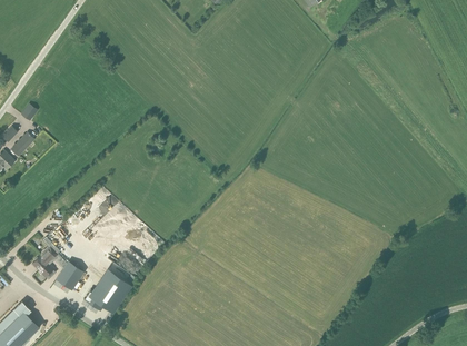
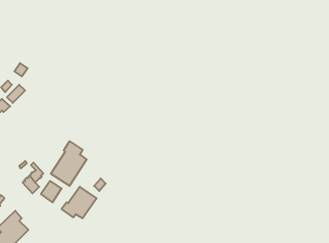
building: none -> [51,141,87,186]

